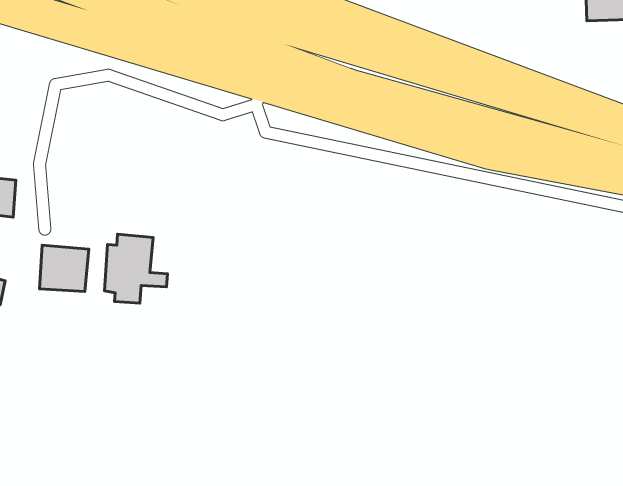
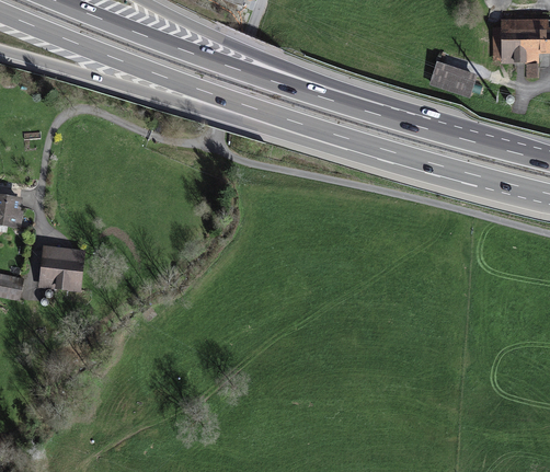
building: none -> [428,58,477,94]
building: [105,234,167,303] -> none

